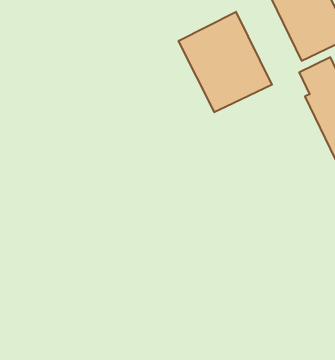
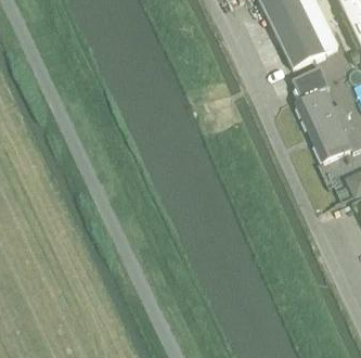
building: [179,12,272,112] -> none

